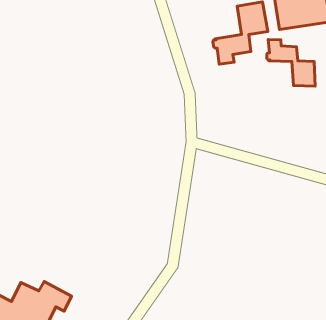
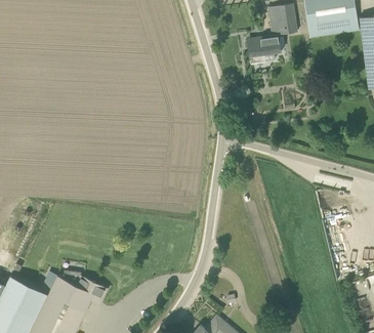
building: [267,40,315,86] -> none

